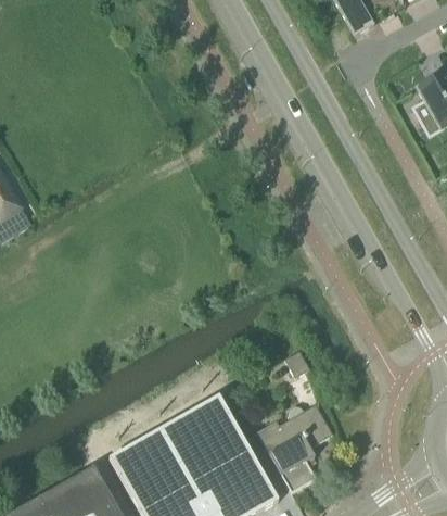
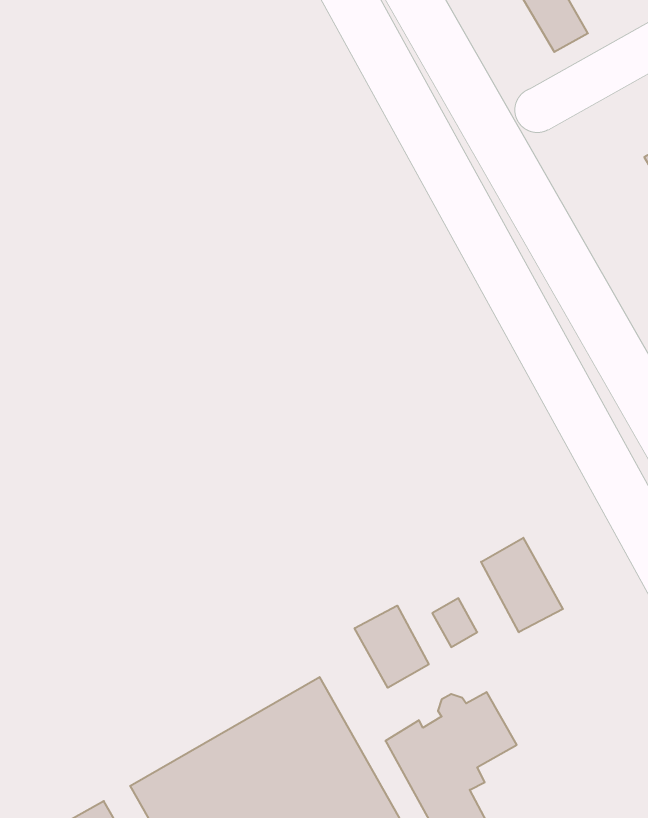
building: none -> [481,538,563,632]
building: none -> [355,606,429,688]

